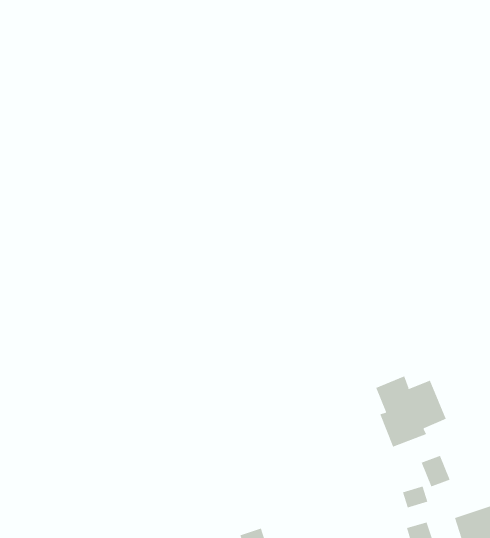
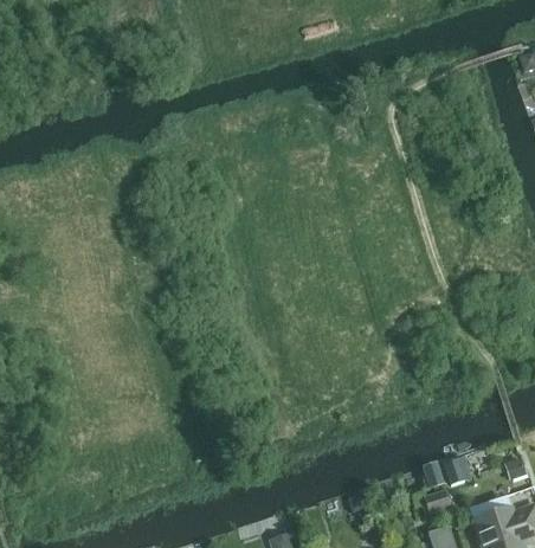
building: [376,376,446,447] -> none

